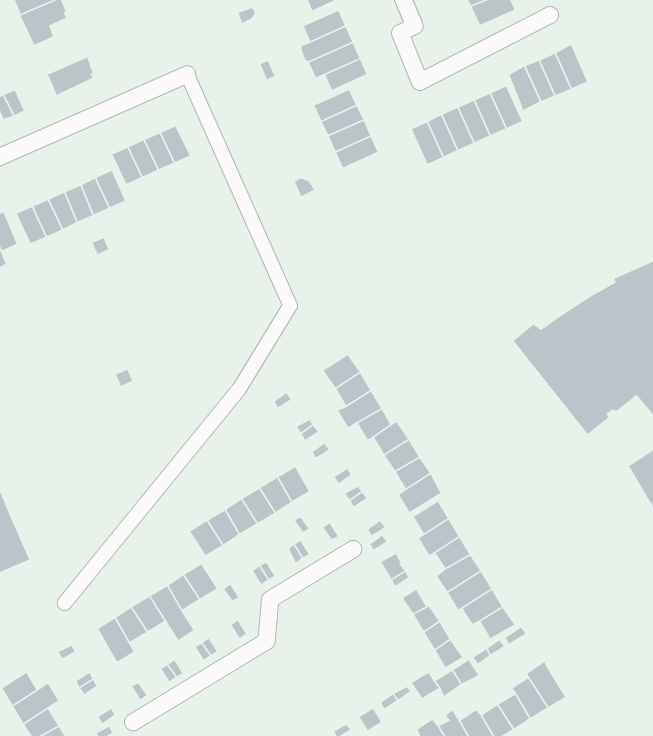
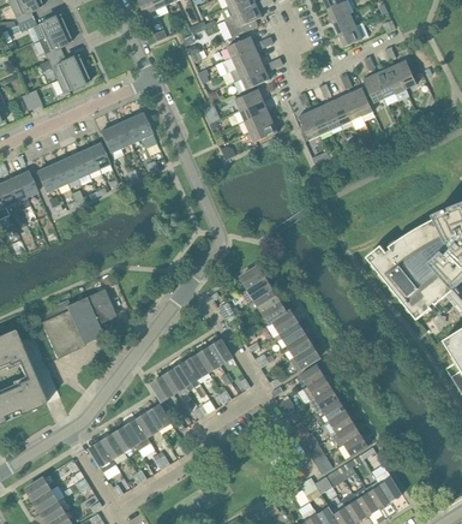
building: none -> [48,54,84,79]
building: none -> [36,288,115,358]

